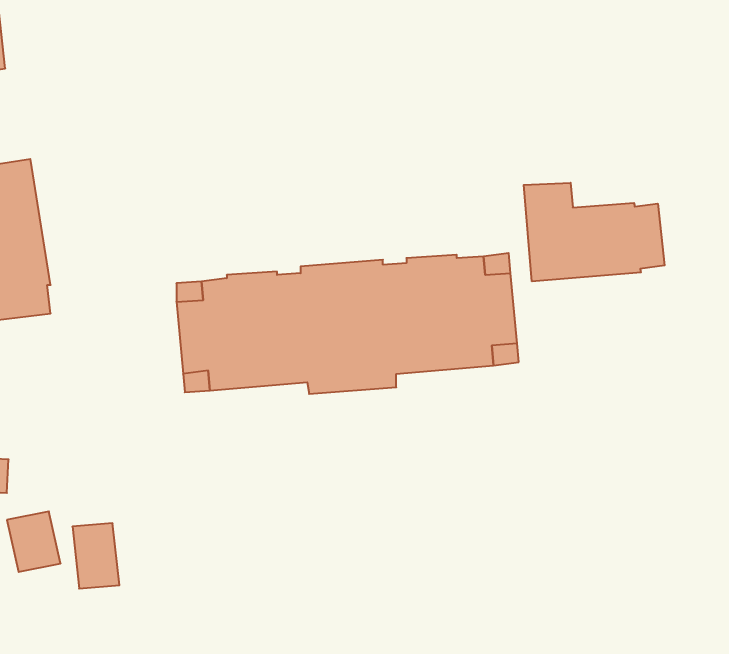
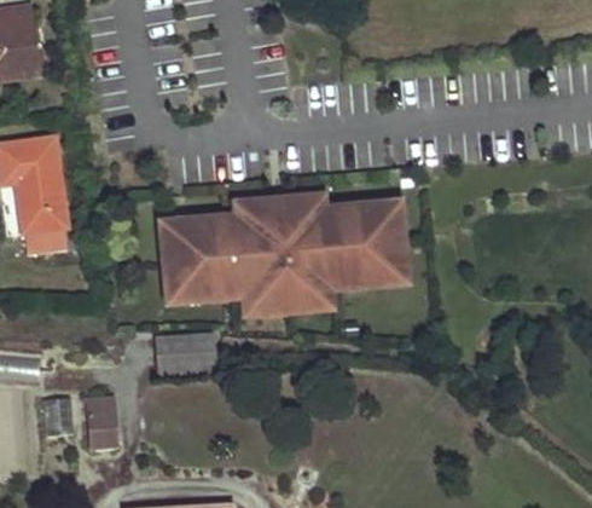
building: [524,183,665,281] -> none
building: none -> [157,335,214,371]

